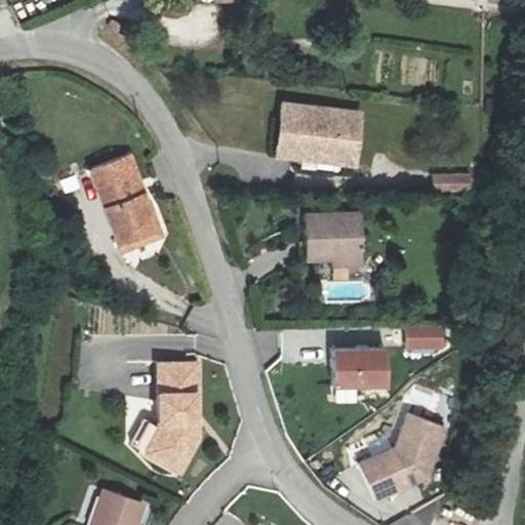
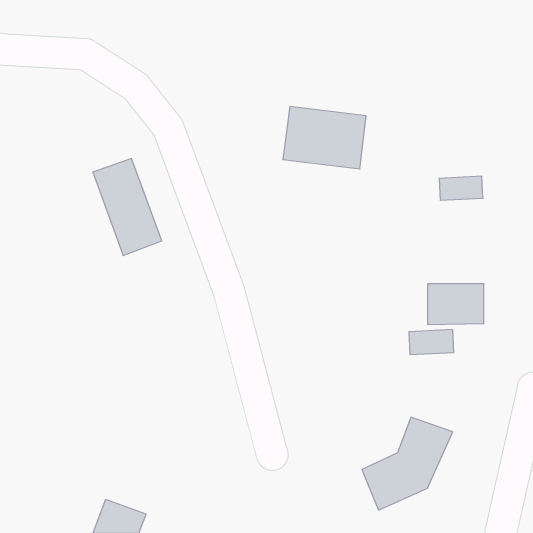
building: [304,214,364,267] -> none
building: [333,347,389,387] -> [428,284,484,325]
building: [146,365,198,474] -> none

